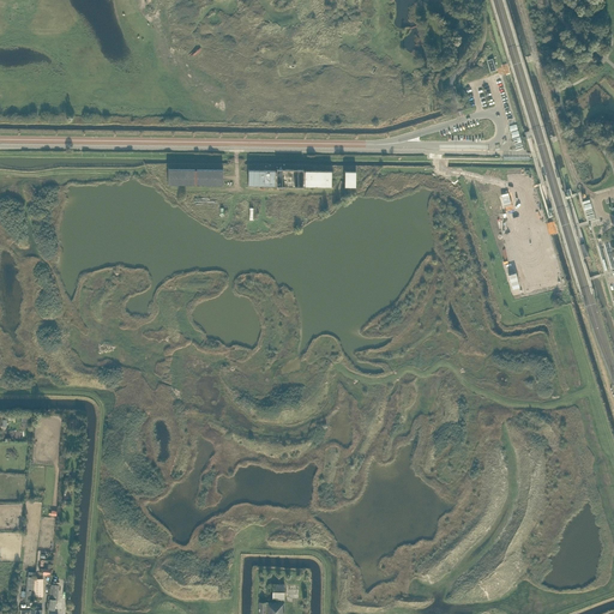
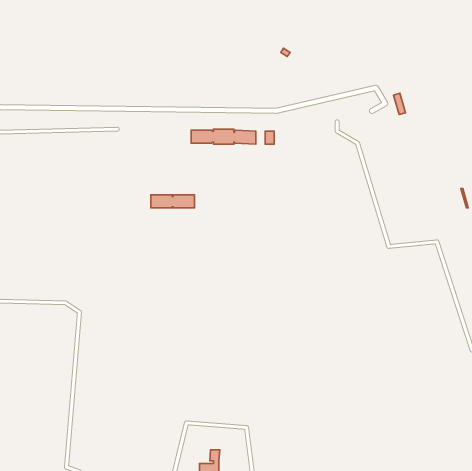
building: [168,169,224,186] -> [151,195,194,208]

